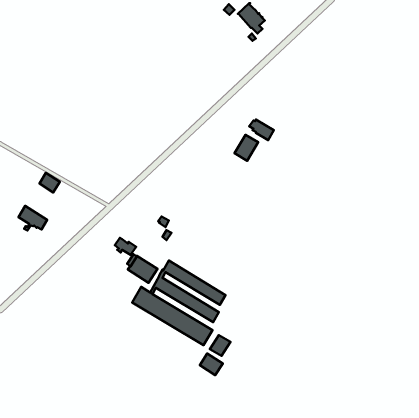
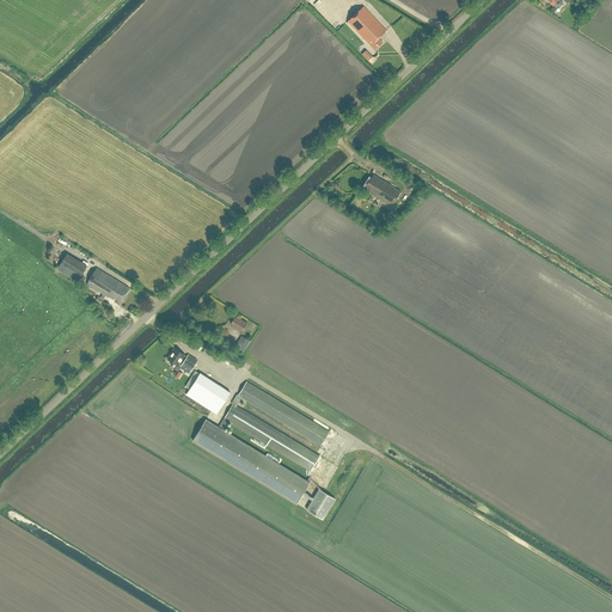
building: [234,135,258,161] -> none
building: [18,206,47,230] -> [87,265,129,301]
building: [200,353,223,375] -> none

